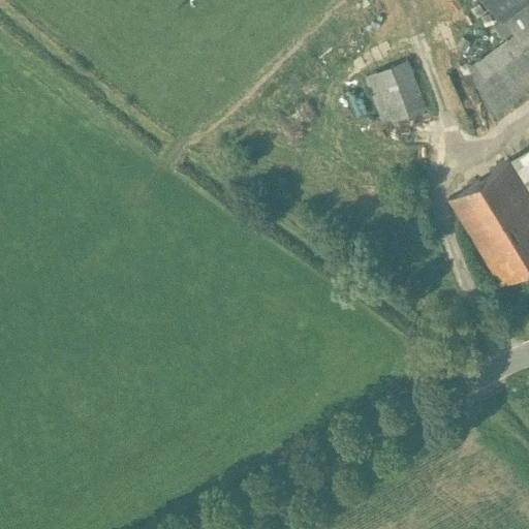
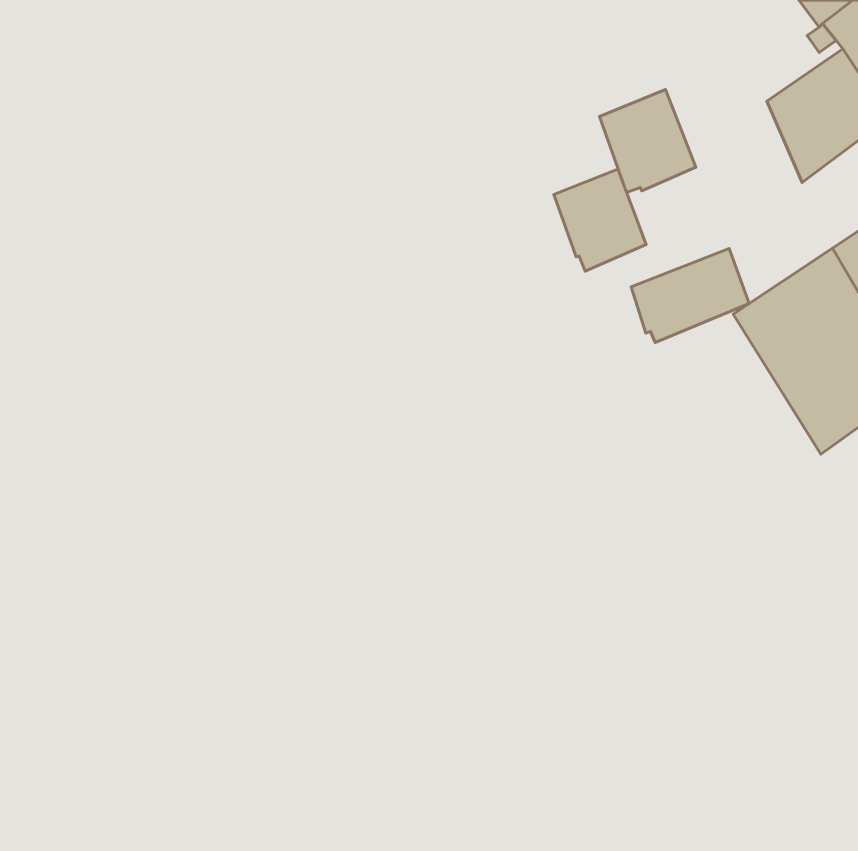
building: none -> [554,169,646,271]
building: none -> [631,249,749,342]

